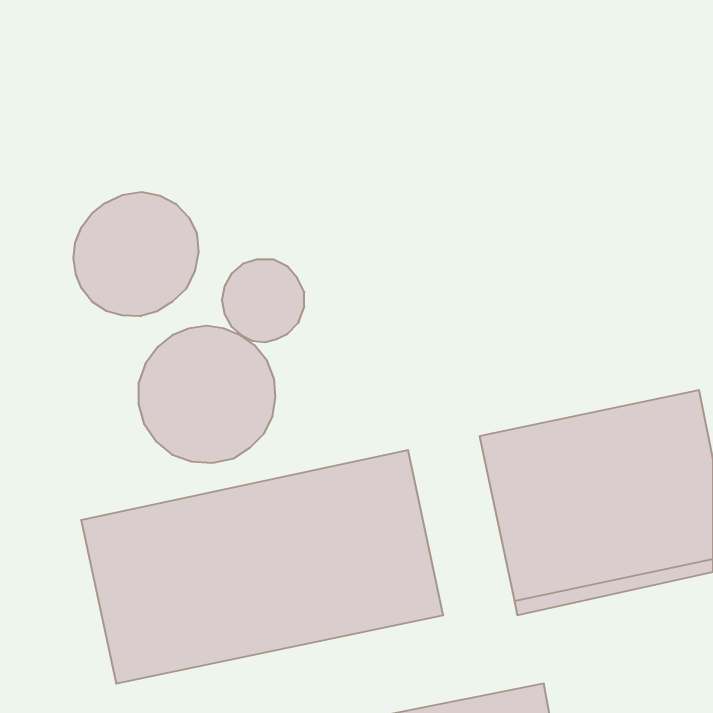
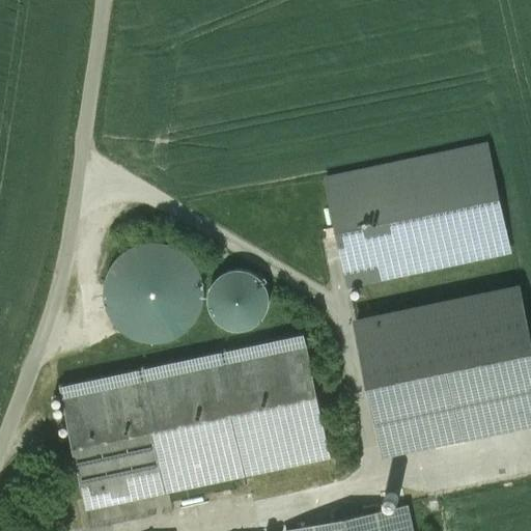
building: [74,192,198,316] -> none
building: none -> [325,148,509,285]
building: [222,260,304,342] -> [207,271,269,332]

